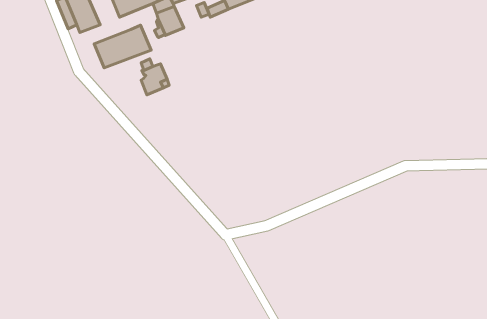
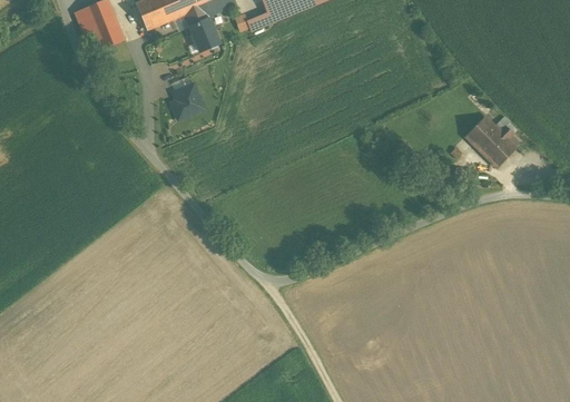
building: [94,25,151,68] -> none
building: none -> [469,118,519,168]

